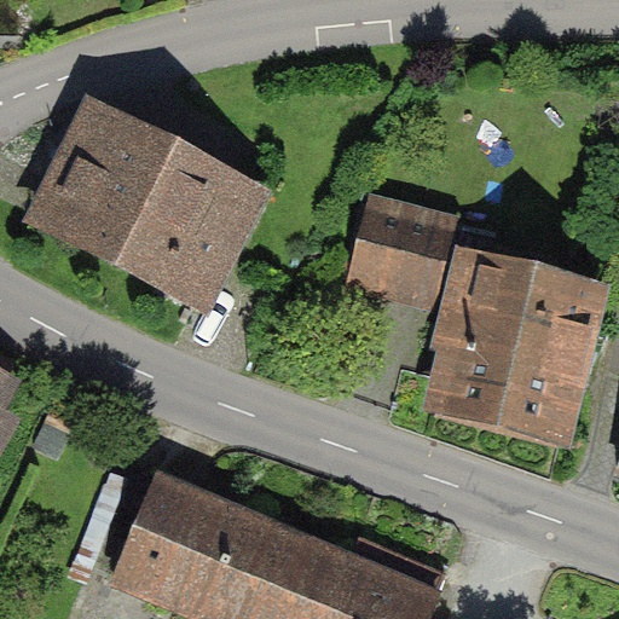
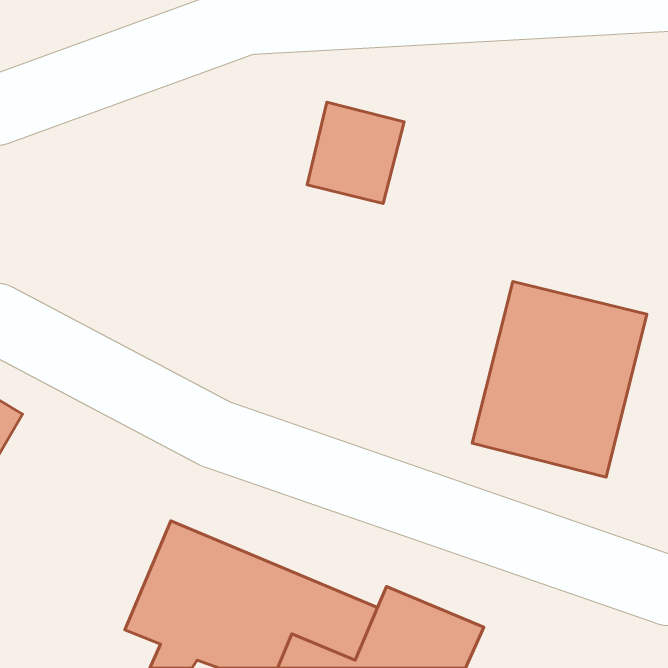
building: [39,115,251,299] -> none
building: [352,206,441,299] -> [307,102,404,203]

